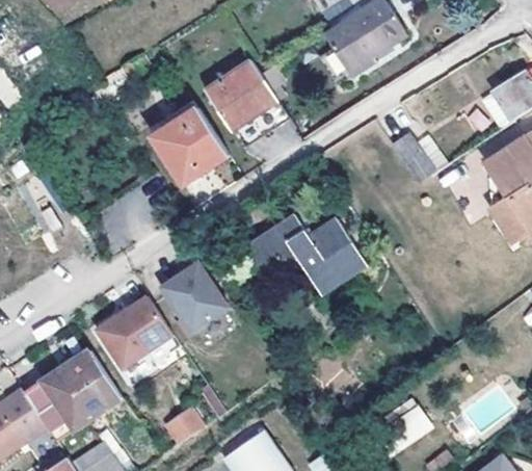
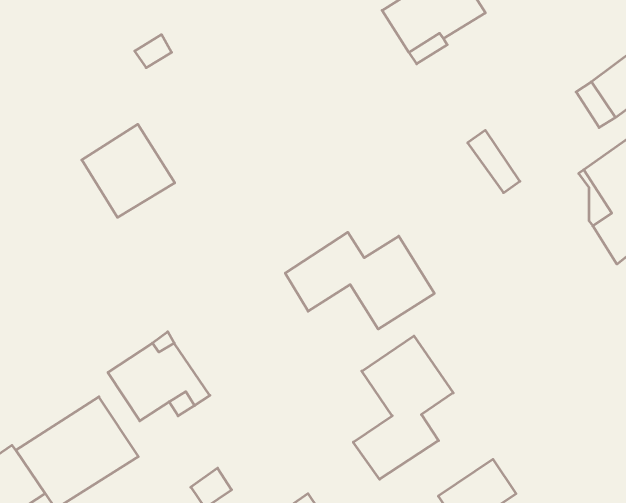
building: [209,69,282,138] -> none
building: [153,108,229,184] -> [82,124,175,217]
building: [162,262,228,331] -> none
building: none -> [353,336,453,479]

